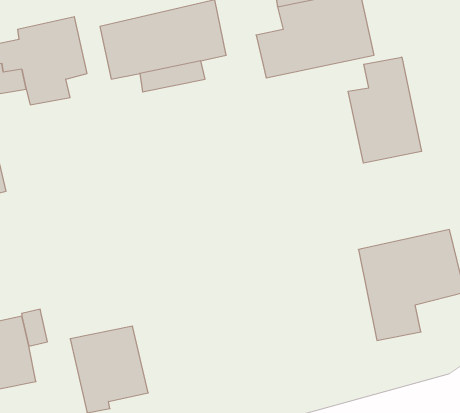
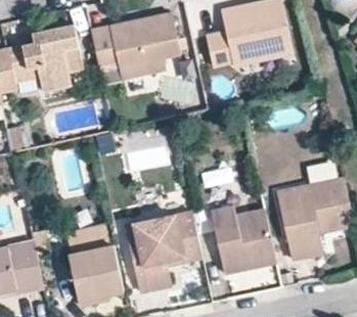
building: [348,57,422,163] -> none
building: none -> [211,199,275,272]
building: none -> [128,213,203,291]

